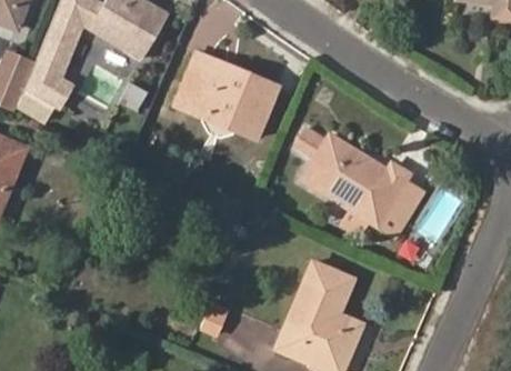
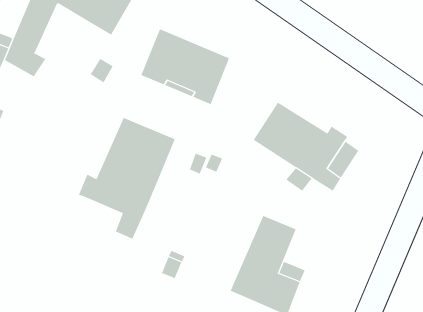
building: none -> [78,117,176,240]

